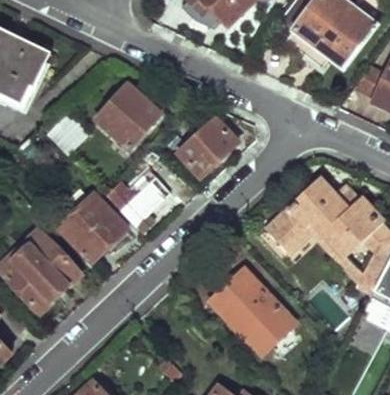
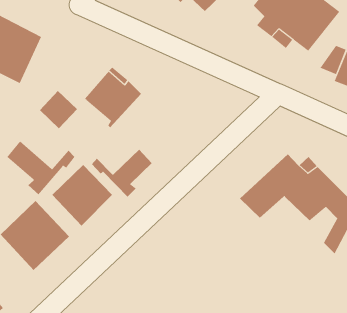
building: [180,119,239,175] -> none
building: none -> [7,141,75,195]
building: [210,268,295,353] -> none

